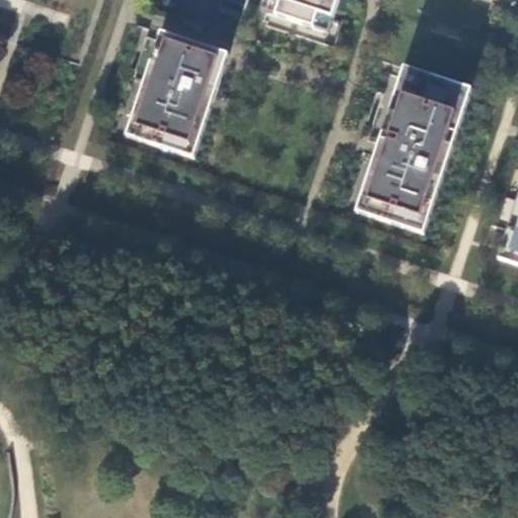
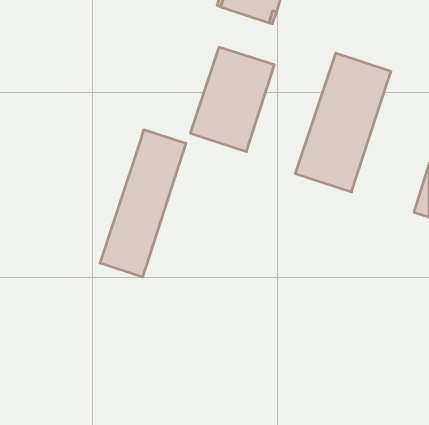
building: [126,29,228,155] -> [190,47,274,152]
building: none -> [100,130,186,277]

